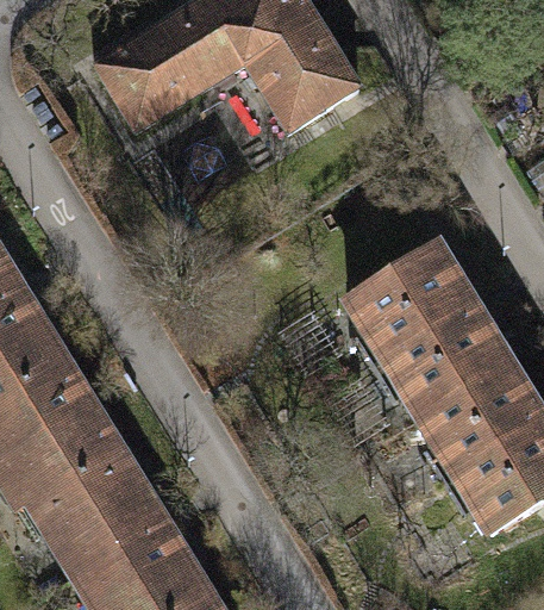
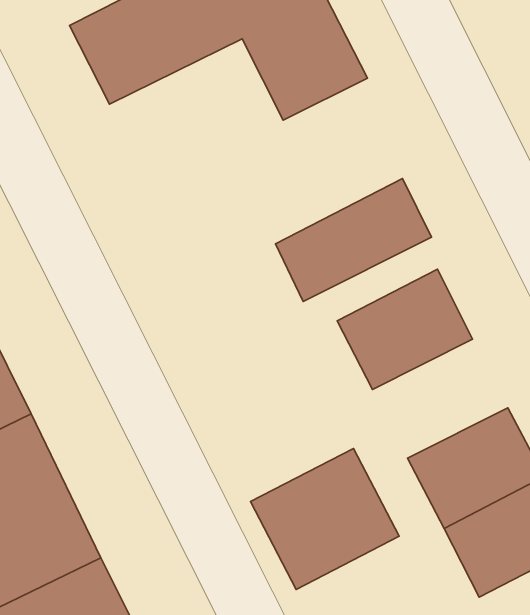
building: none -> [275,179,432,302]
building: [388,305,507,413] -> none
building: none -> [251,448,399,589]

